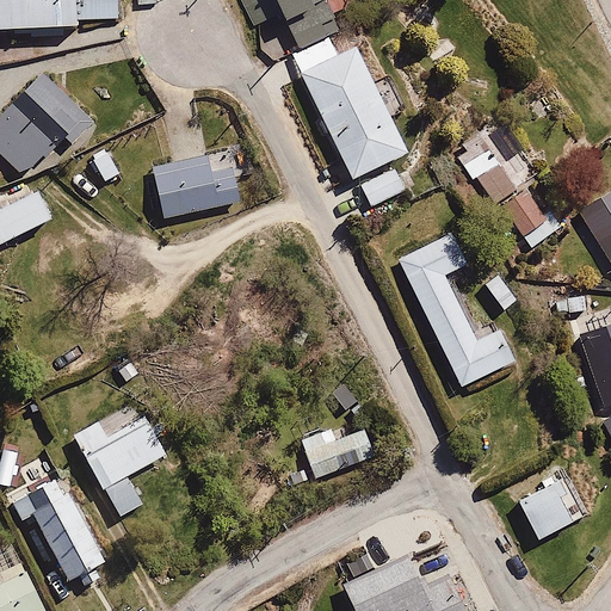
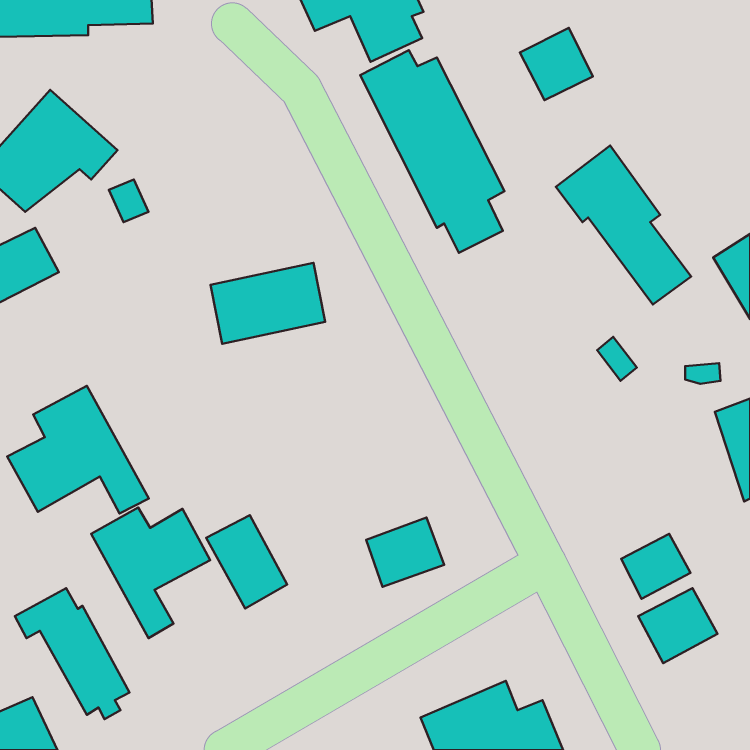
building: none -> [520,28,593,100]
building: [150,155,243,221] -> [211,263,325,344]
building: [397,230,517,388] -> none
building: none -> [7,386,149,513]
building: none -> [206,515,287,608]
building: none -> [621,534,690,599]

